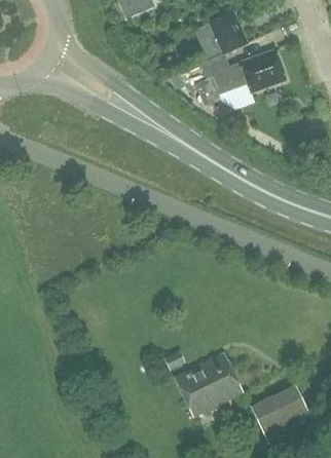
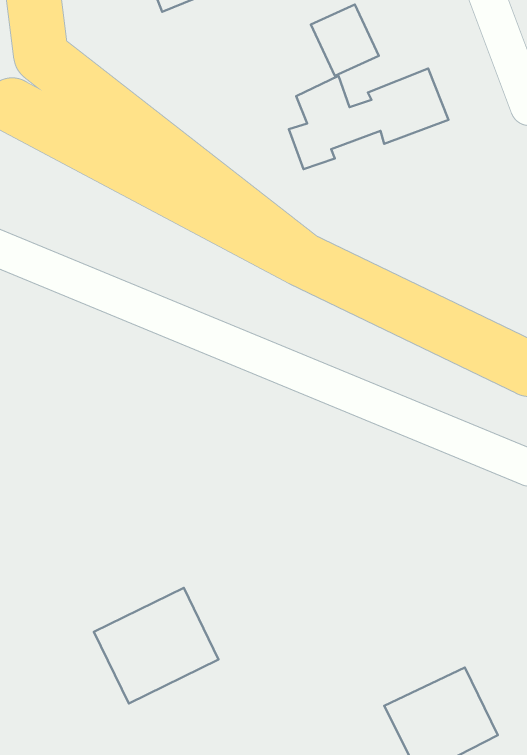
building: [173,352,243,417] -> [94,588,219,703]

